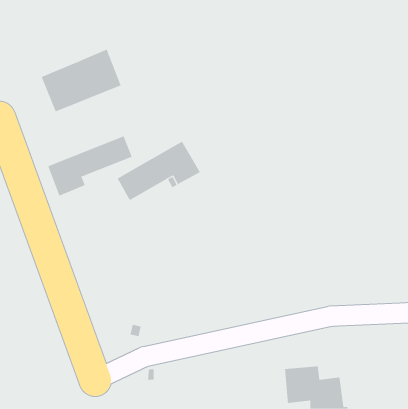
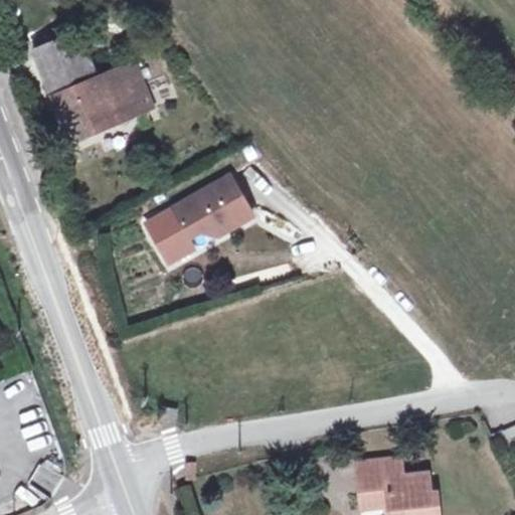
building: none -> [33,31,98,97]
building: [47,136,132,196] -> none

